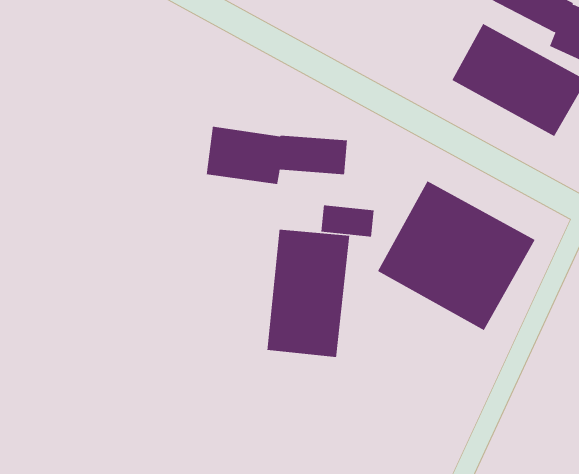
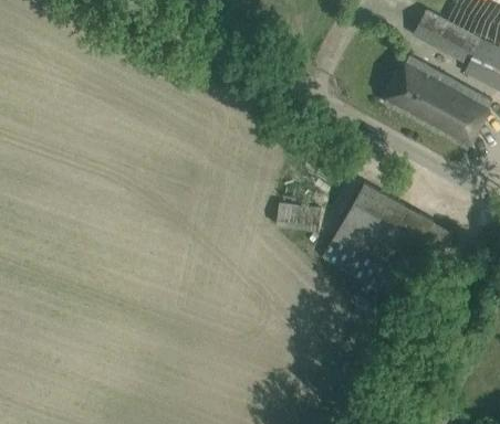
building: [206,126,348,185] -> none
building: [267,229,350,358] -> none

